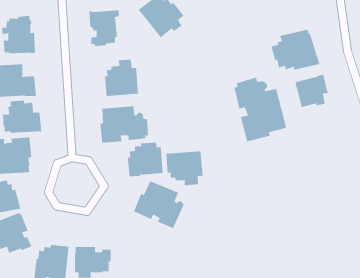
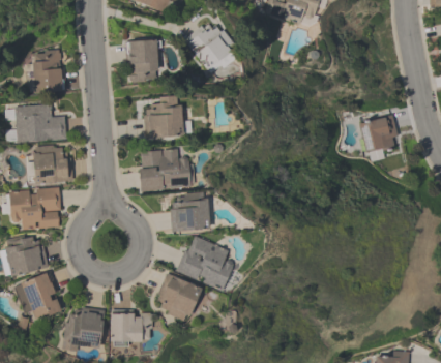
building: [271,29,320,70] -> none
building: [234,77,287,142] -> none
building: [166,150,203,186] -> none
building: none -> [158,272,202,320]

